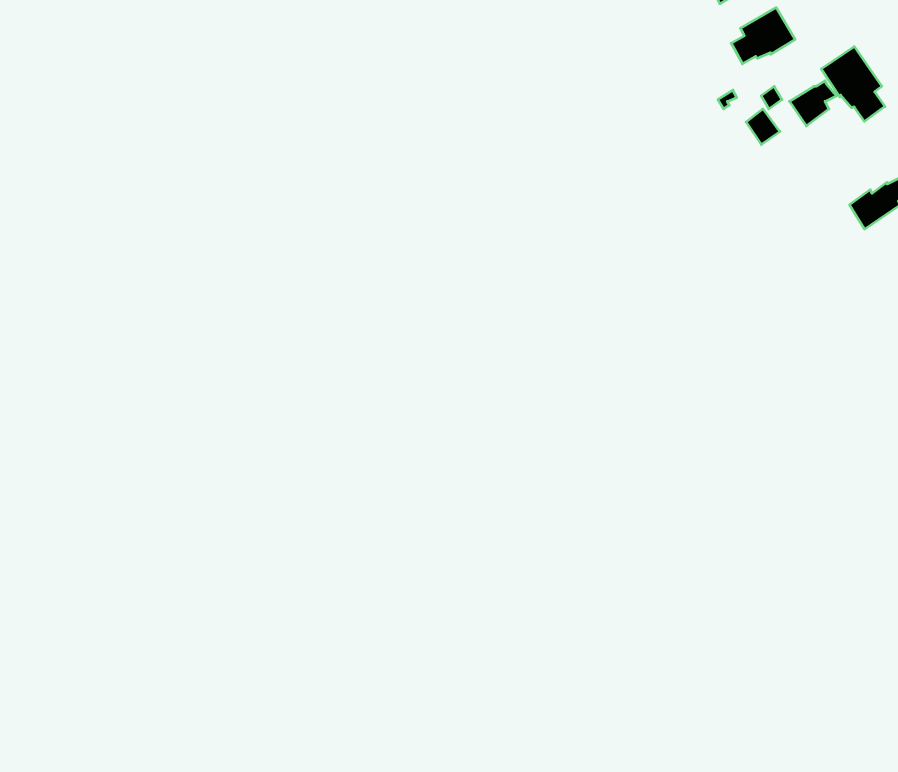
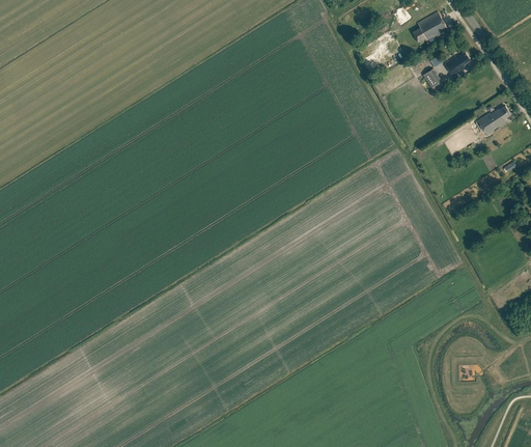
building: [821,47,885,121] -> none

